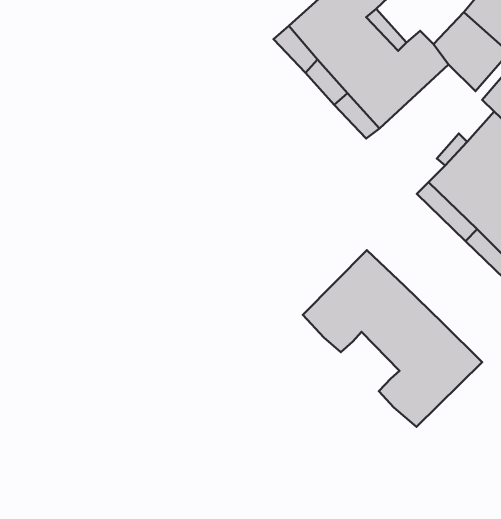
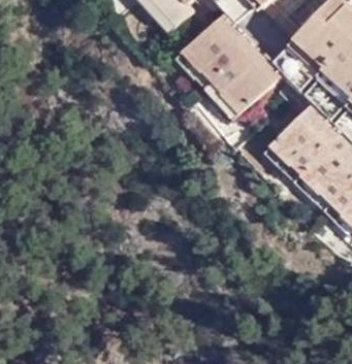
building: [303,250,482,427] -> none

